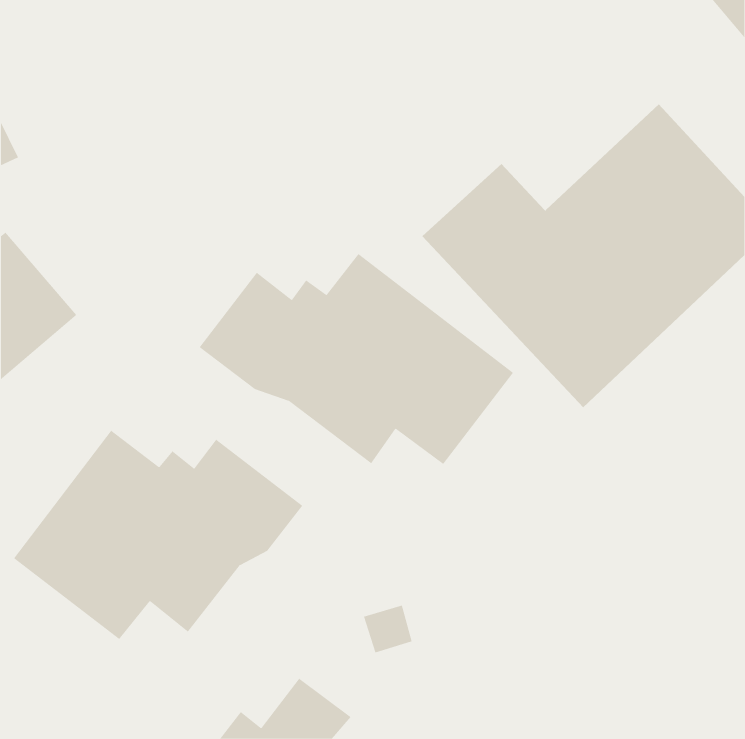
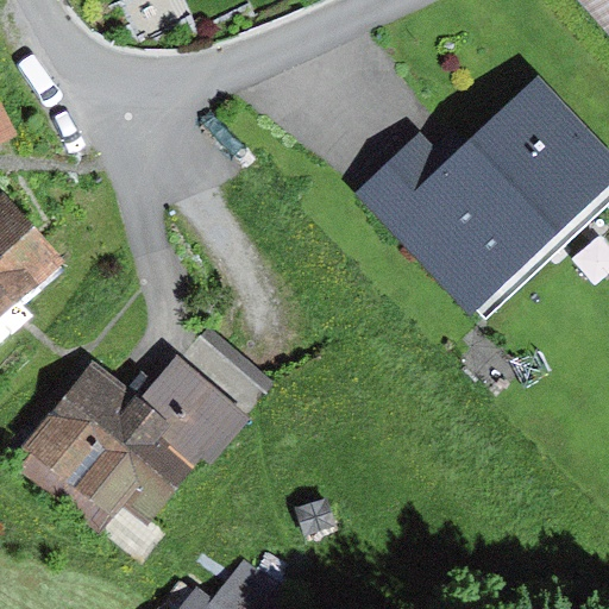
building: [199,253,514,465] -> none

